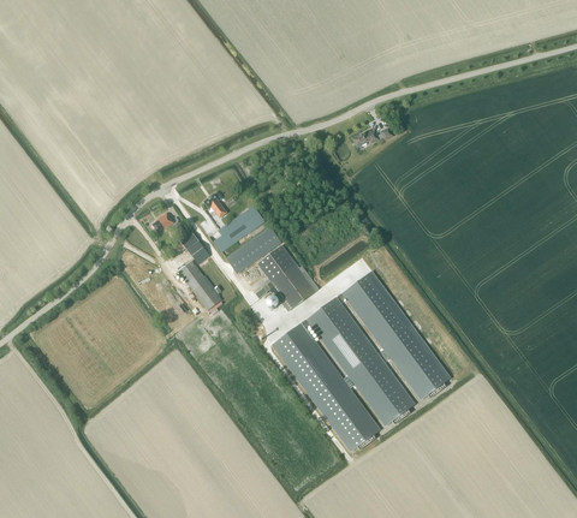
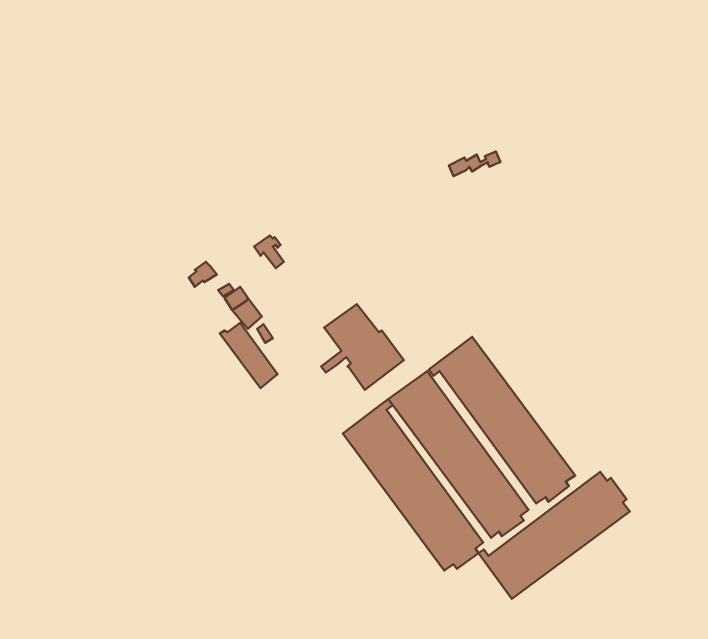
building: [213,206,264,252] -> none
building: [226,226,281,273] -> none
building: none -> [479,472,630,599]

